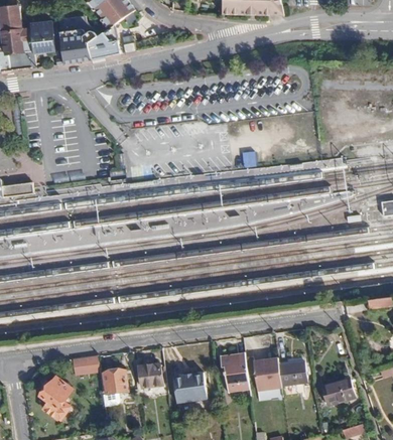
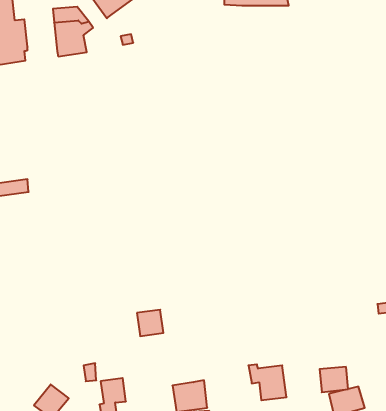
building: [29,21,54,54] -> none
building: [87,23,118,59] -> none
building: [220,352,249,392] -> none
building: [279,361,306,386] -> [320,367,348,392]
building: [137,362,162,388] -> [137,310,163,336]

